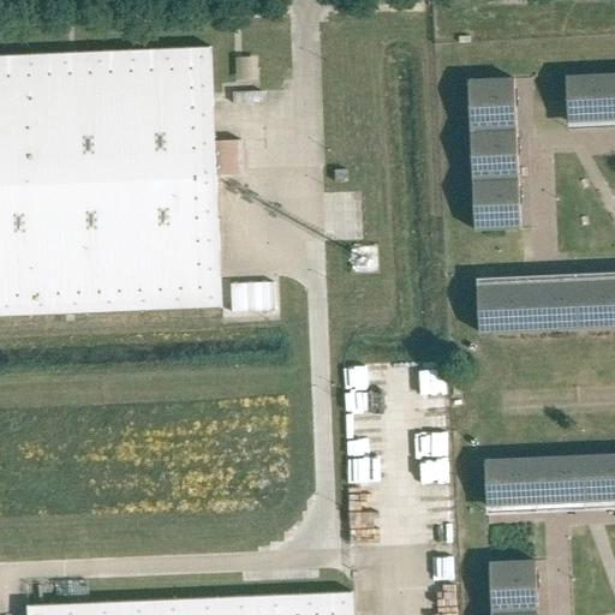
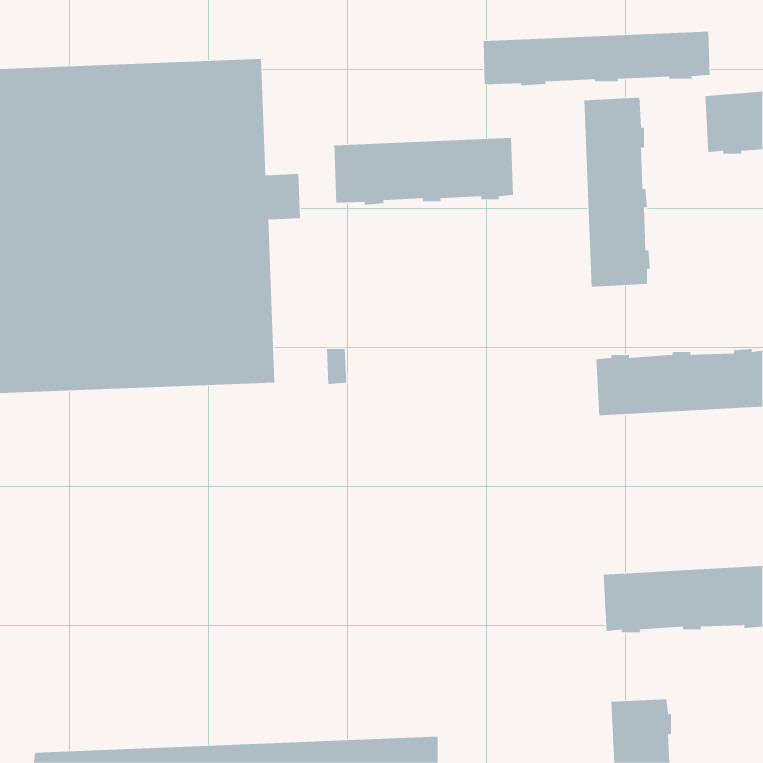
building: none -> [483,31,710,86]
building: none -> [334,137,513,206]

